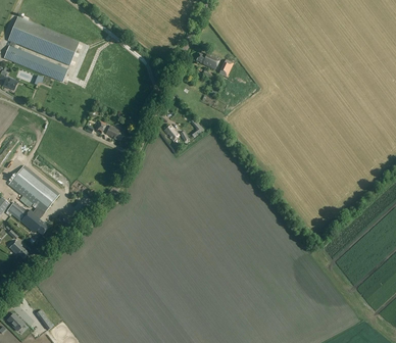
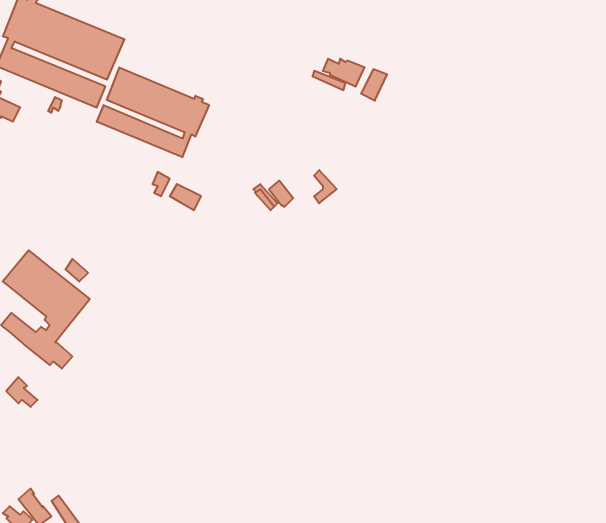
building: none -> [97,67,209,157]

